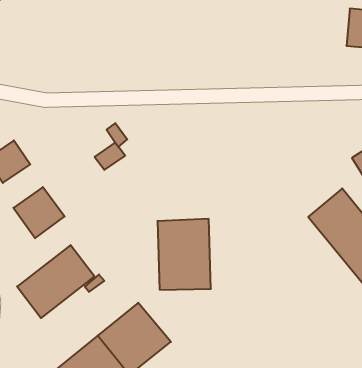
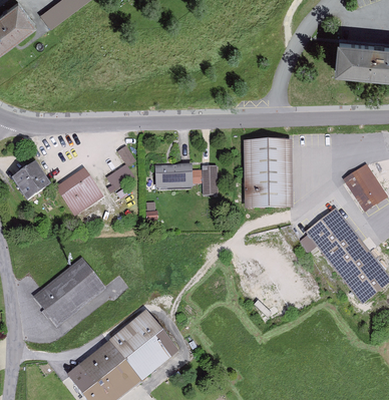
building: none -> [155,166,189,188]
building: none -> [201,167,219,195]
building: [13,187,65,238] -> [56,168,103,216]
building: [157,219,211,290] -> [239,141,288,207]

